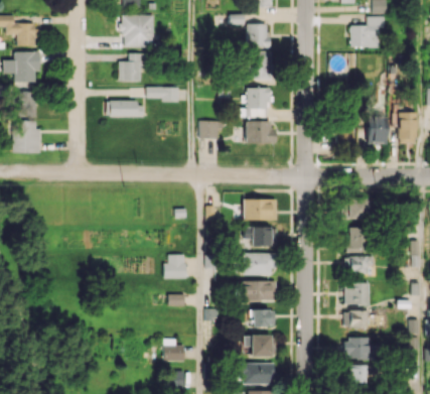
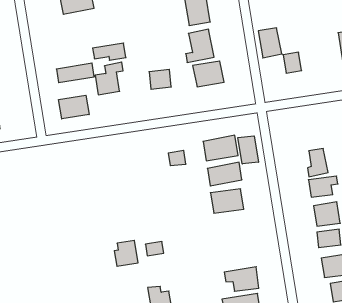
building: [119,52,148,82] -> [95,62,123,95]
building: [368,116,388,144] -> [258,28,282,58]
building: none -> [59,95,89,119]
building: [346,198,370,219] -> none
building: none -> [238,136,258,164]
building: [164,255,186,278] -> [114,240,138,266]
building: [242,280,277,301] -> none
building: [252,309,276,326] -> none

